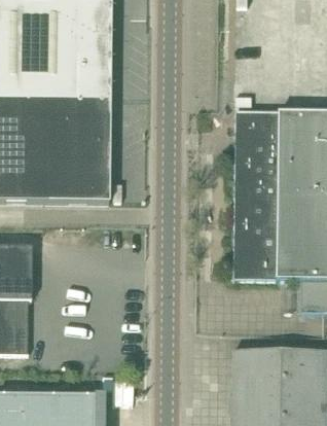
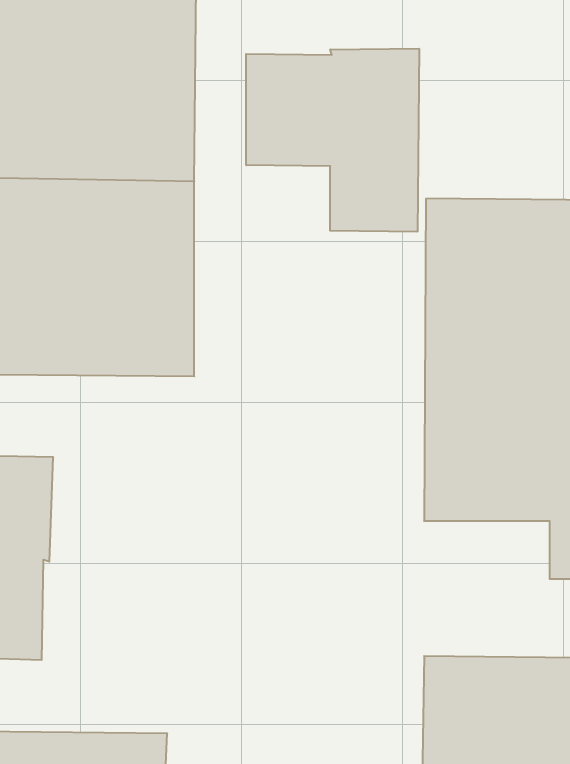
building: none -> [246,49,419,232]

